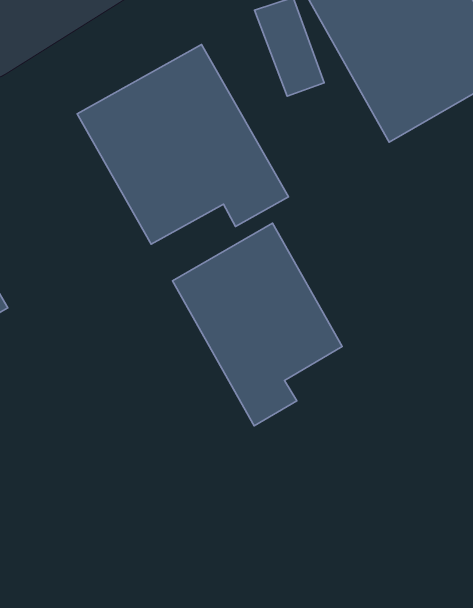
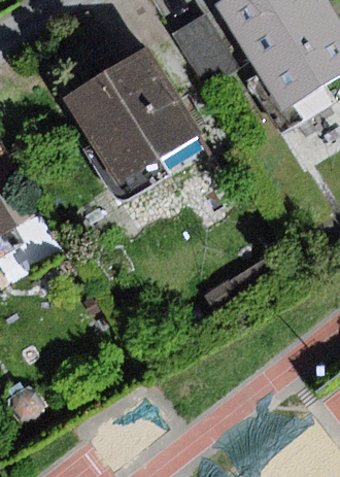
building: [173,223,342,426] -> none

